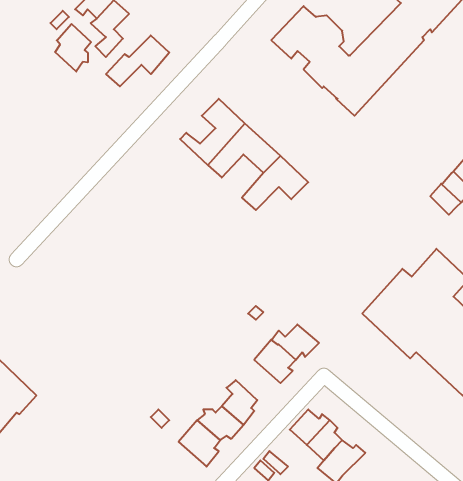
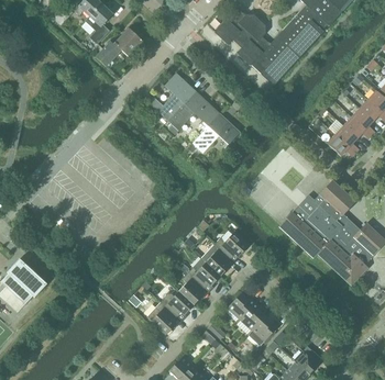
building: [55,24,91,72] -> none
building: none -> [189,259,221,288]

